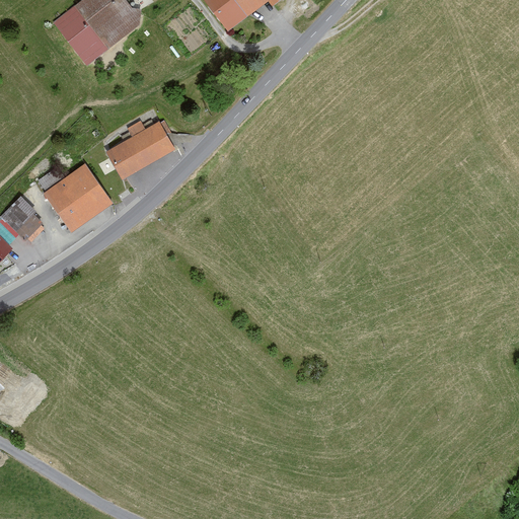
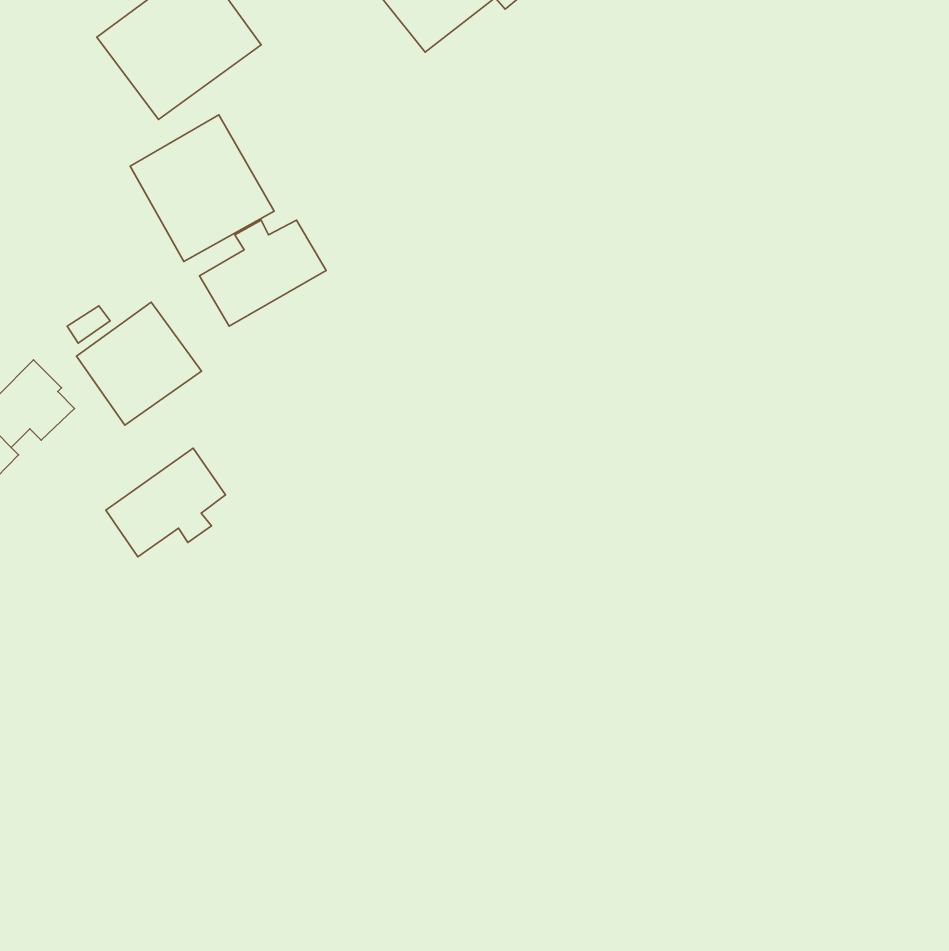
building: none -> [130,115,274,262]
building: none -> [106,448,225,557]

